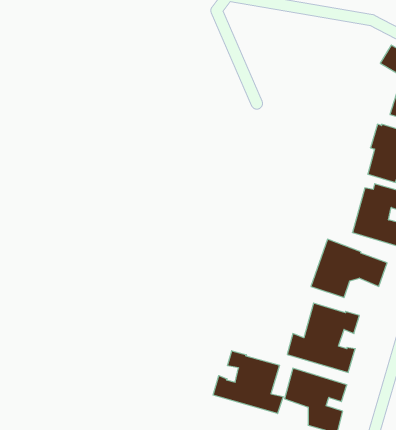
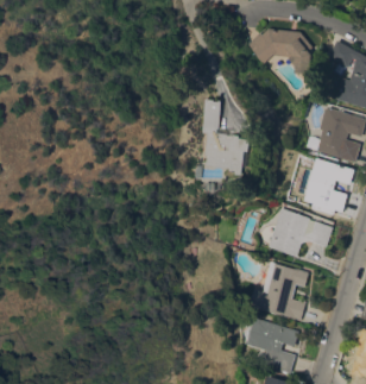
building: none -> [246,29,314,83]
building: none -> [202,99,252,175]
building: [213,351,283,414] -> none

